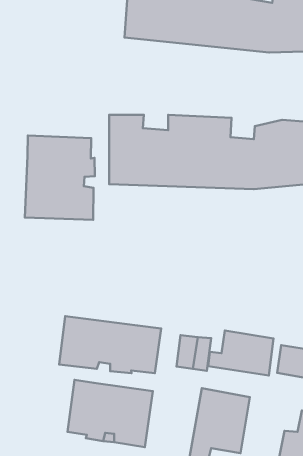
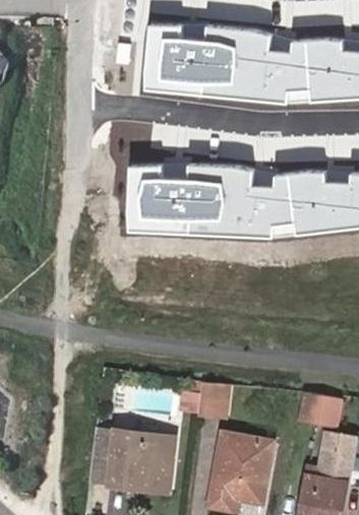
building: [25,136,95,220] -> none
building: [59,316,161,373] -> none
building: [208,331,274,375] -> none

